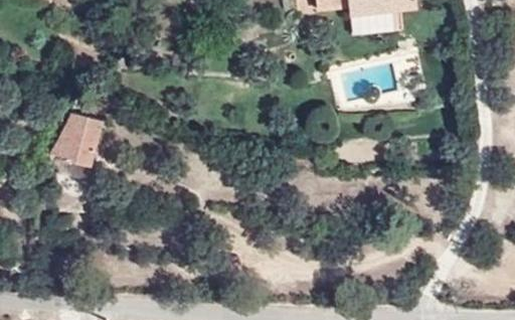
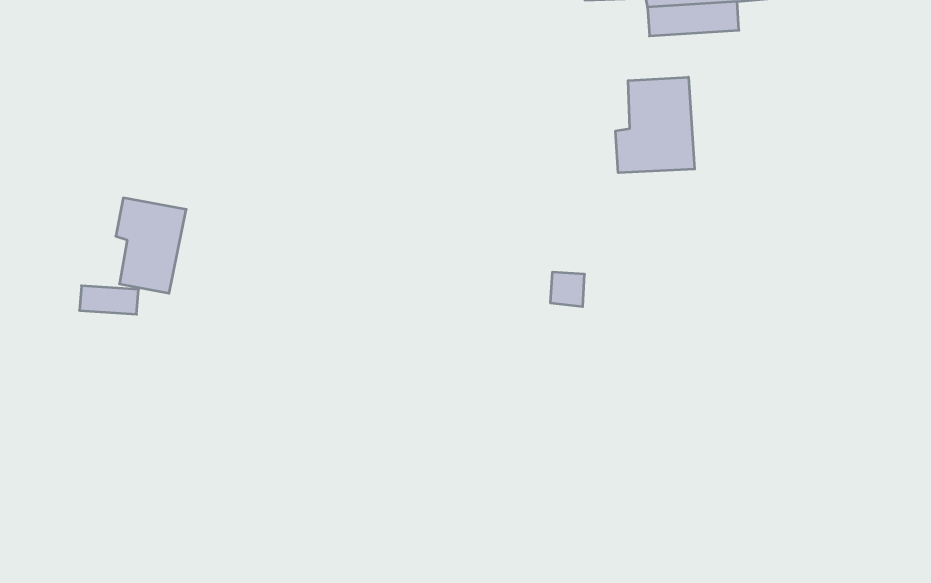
building: none -> [616,77,695,173]

